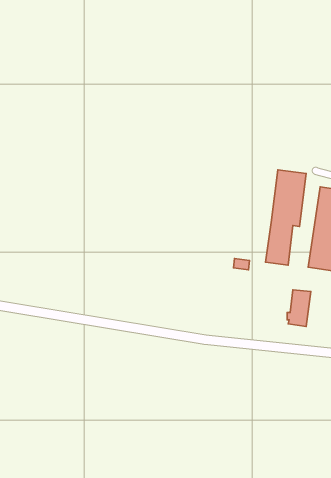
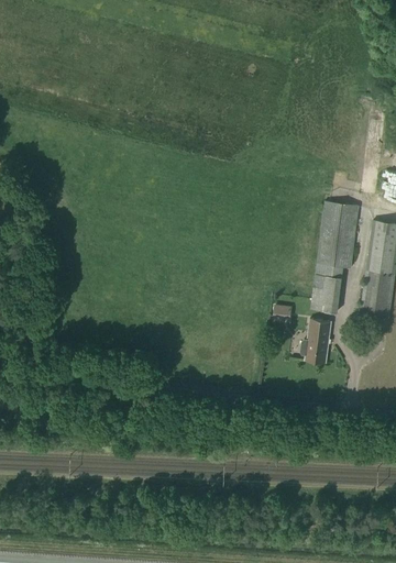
building: [287,290,311,327] -> [302,319,330,362]

